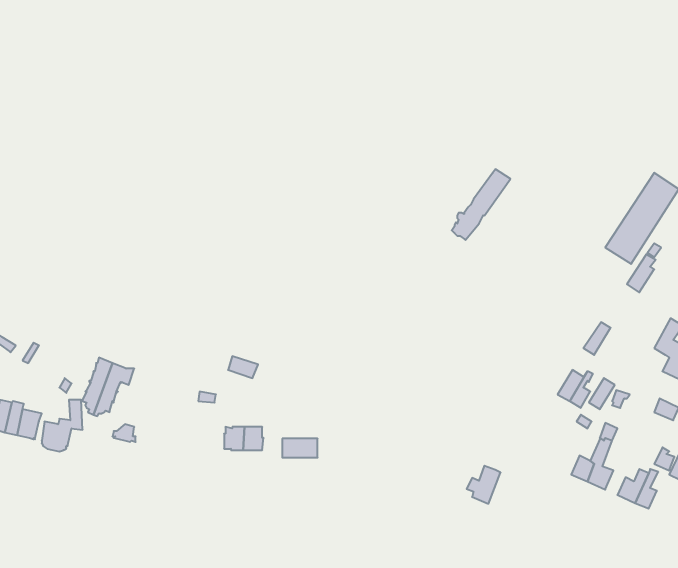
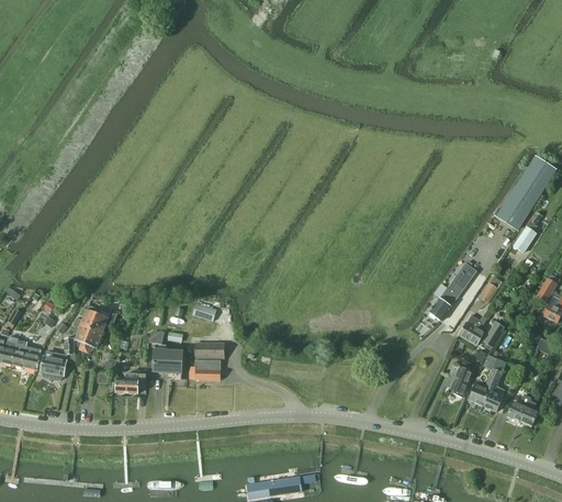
building: [452,169,510,240] -> [429,263,476,320]
building: none -> [154,349,182,372]
building: [282,439,318,458] -> [195,343,224,358]
building: none -> [115,373,146,393]
building: [467,466,501,504] -> [445,366,472,397]

